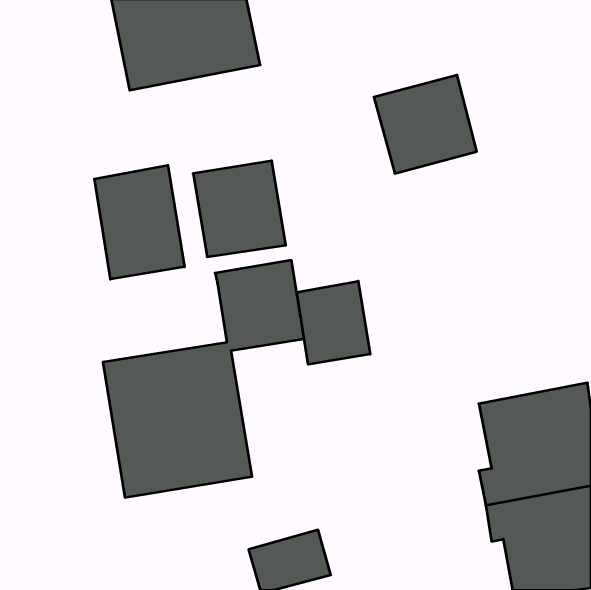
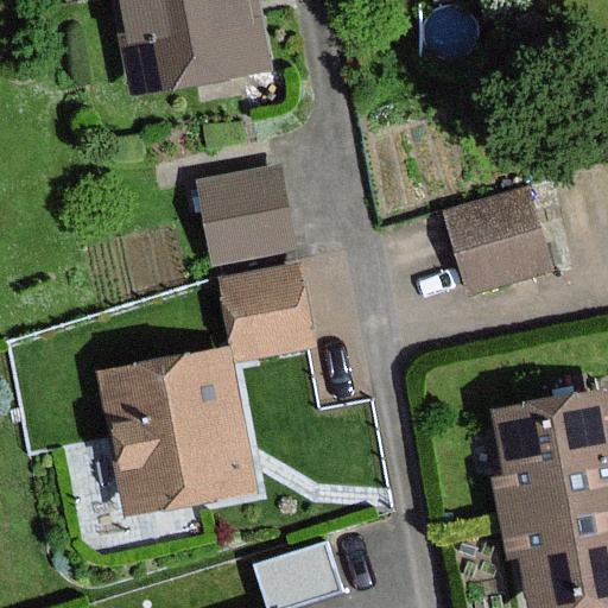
building: [374,75,477,173] -> [446,194,552,294]
building: [94,165,184,279] -> none
building: [297,281,370,364] -> none

